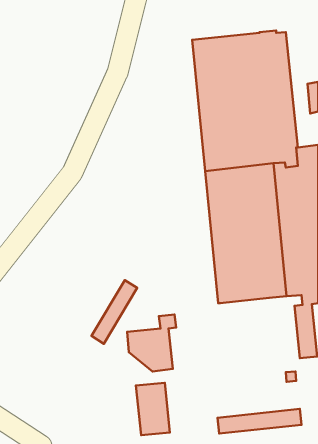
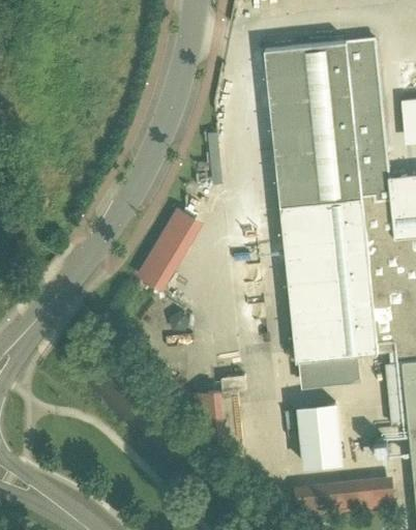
building: [92,280,137,344] -> [141,210,195,286]
building: none -> [298,355,359,387]
building: [136,383,170,435] -> [300,404,340,466]

